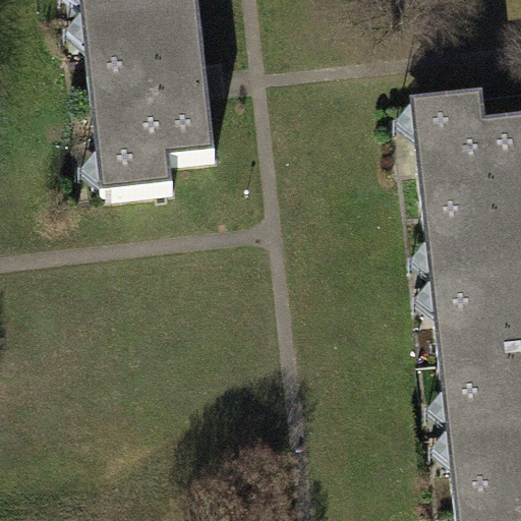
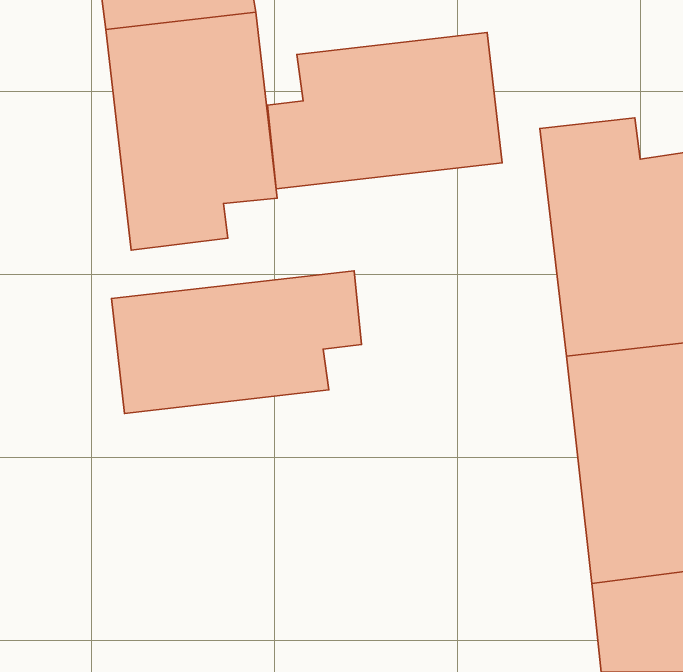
building: none -> [267,33,502,189]
building: none -> [111,271,362,413]

